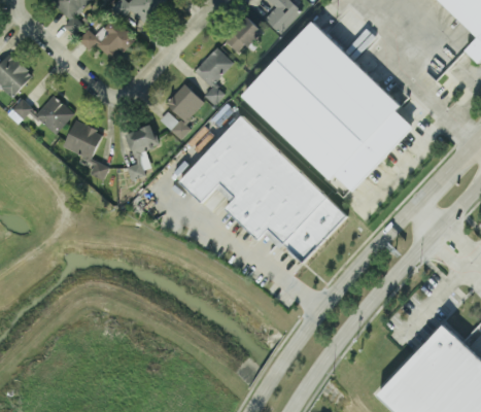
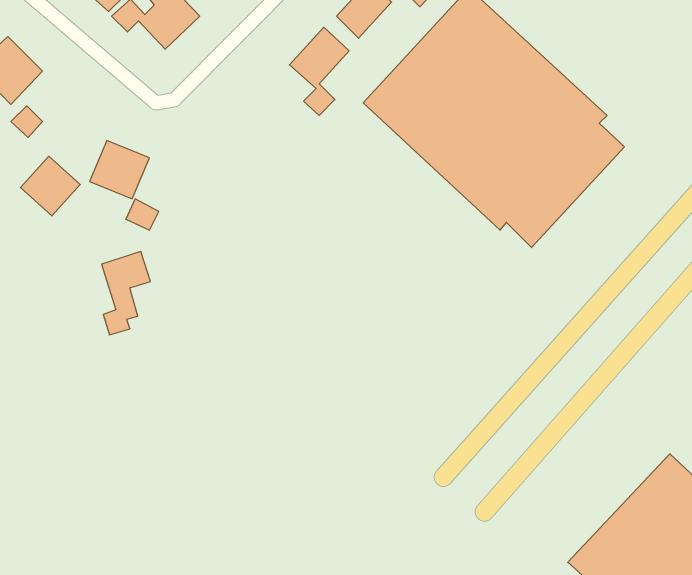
building: [159,83,204,139] -> none
building: [34,94,73,133] -> [20,156,80,216]
building: [179,115,347,262] -> none
building: [126,125,158,179] -> [102,252,150,335]

